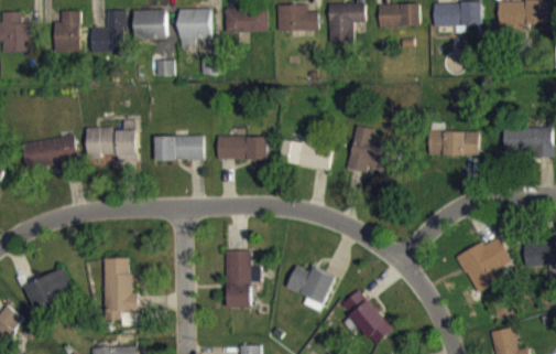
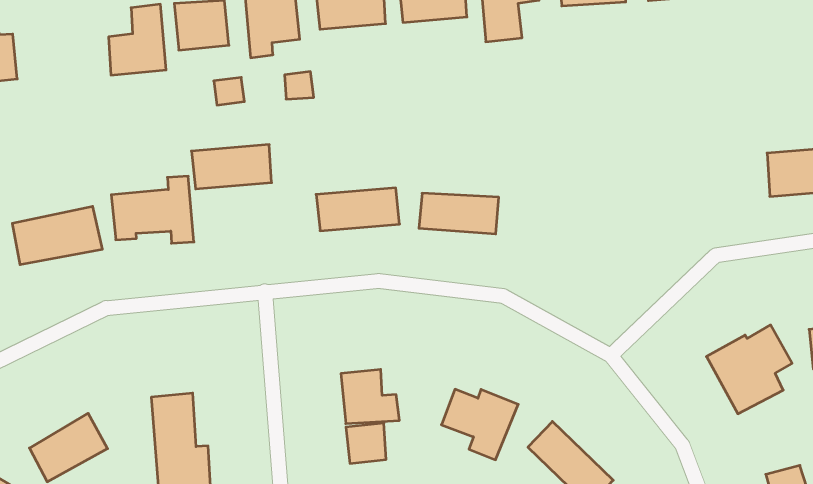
building: [54,11,79,52] -> none
building: [347,126,394,173] -> none
building: [427,131,479,157] -> none
building: [153,136,203,161] -> [191,145,272,189]

